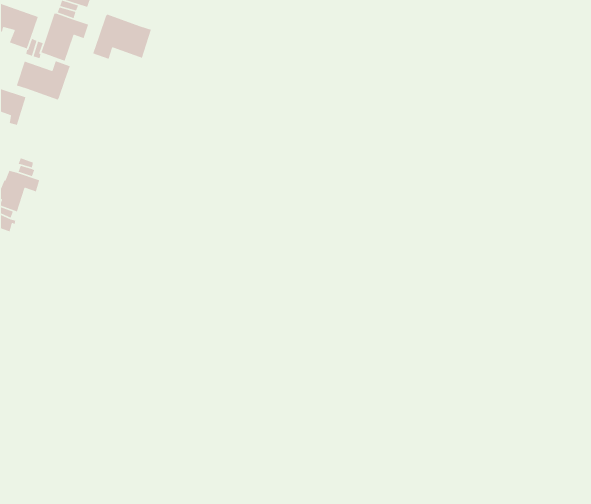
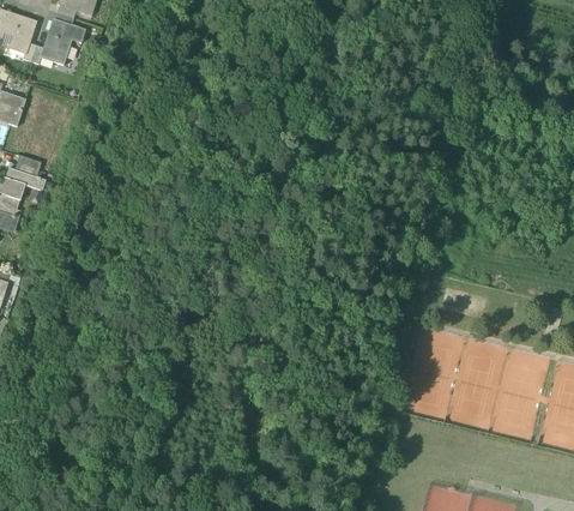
building: [92,14,152,60] -> none
building: [15,60,71,101] -> none

